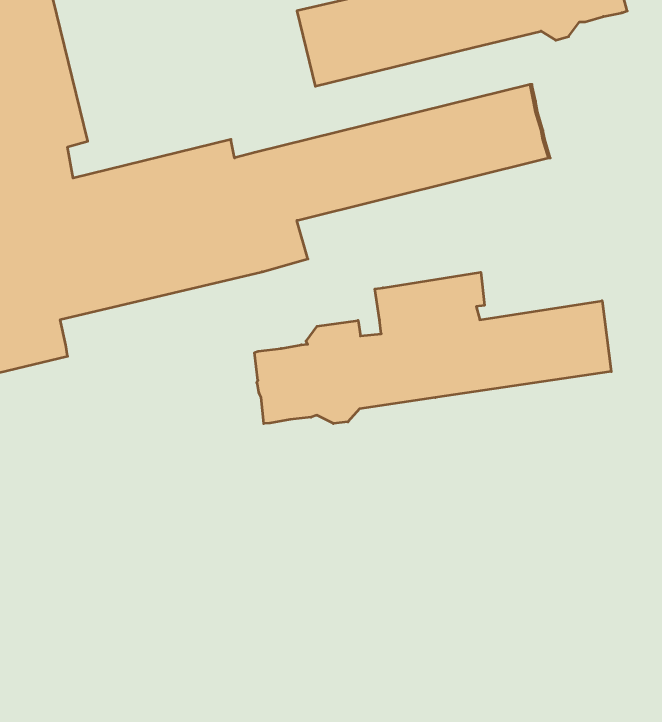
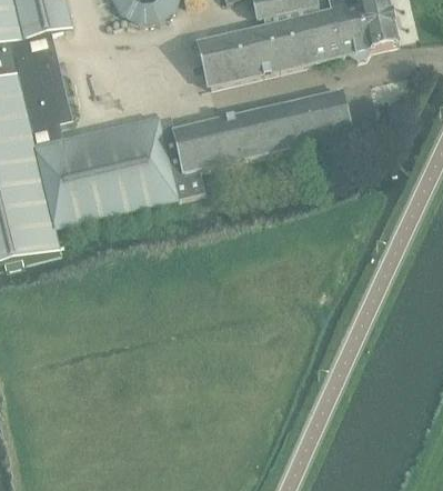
building: [255,272,611,424] -> none

